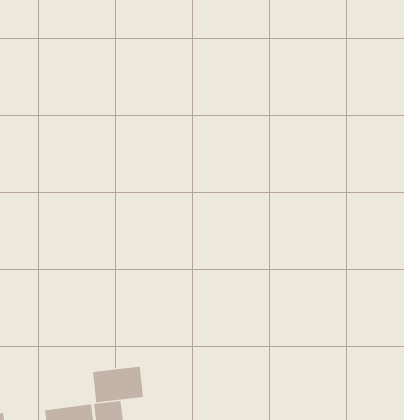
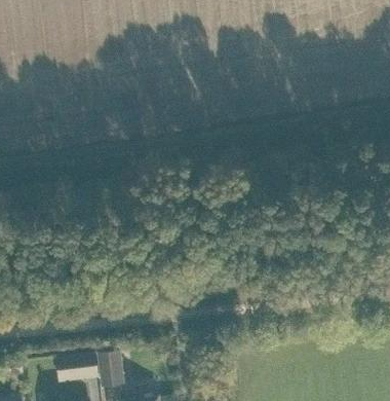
building: [92,366,144,403] -> none

